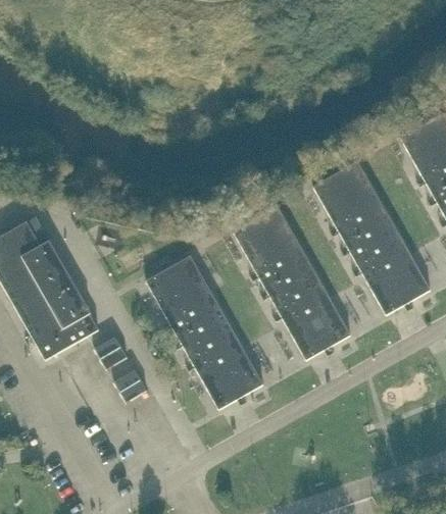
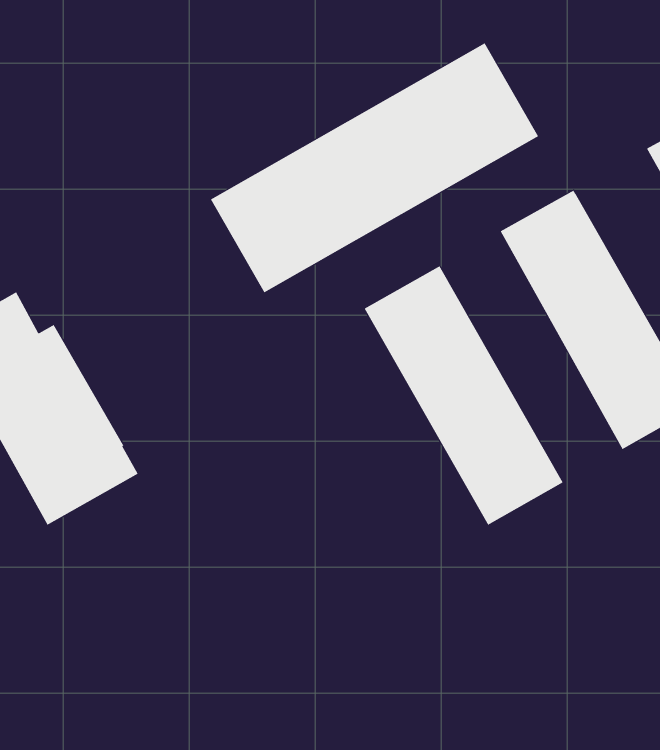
building: none -> [210,42,539,293]
building: [146,254,263,408] -> none

